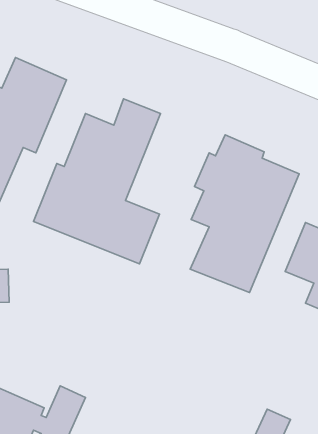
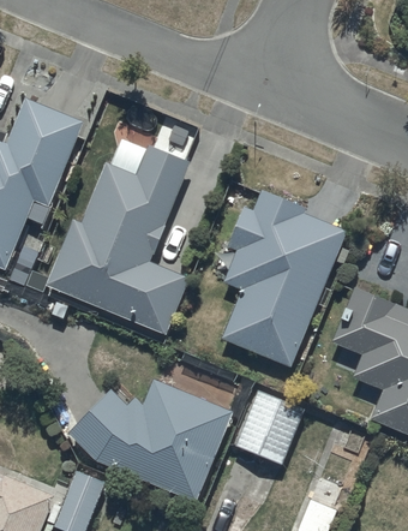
building: none -> [68,378,230,501]
building: none -> [234,389,304,465]

